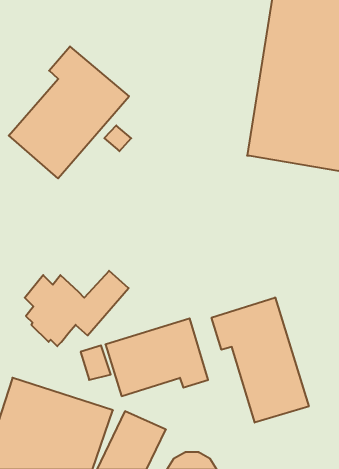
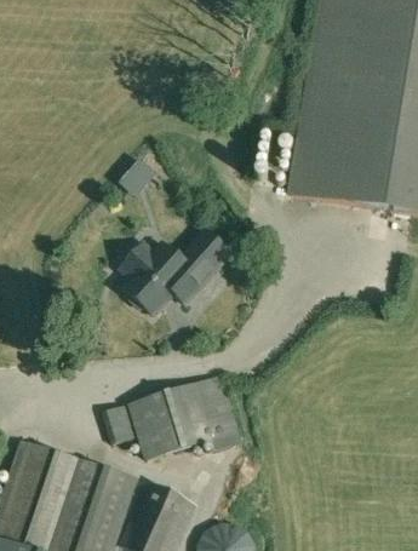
building: [9,46,129,178] -> none
building: [25,271,129,346] -> [116,234,233,318]
building: [212,297,309,423] -> none

